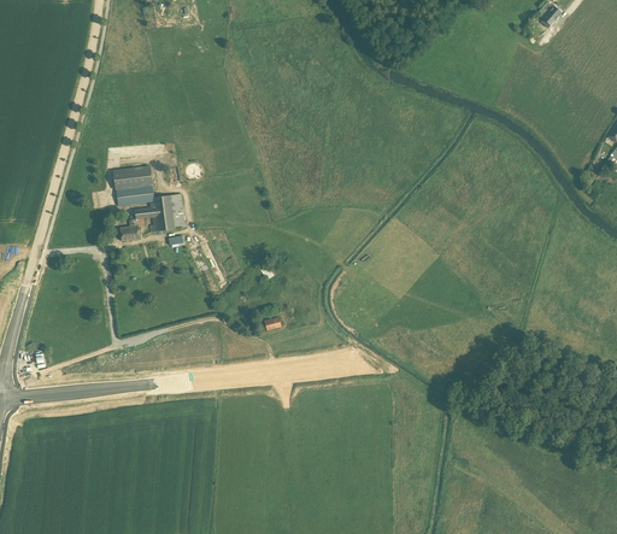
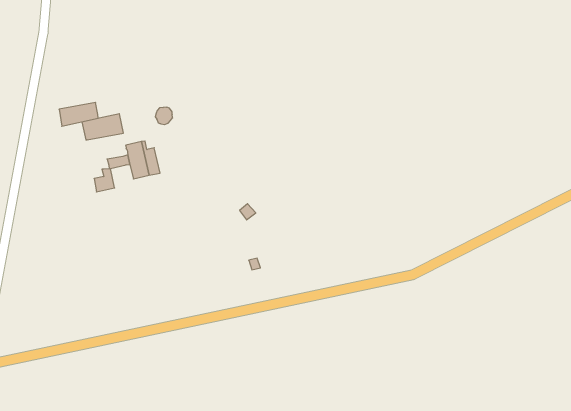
building: [117,184,154,205] -> [59,102,98,126]

